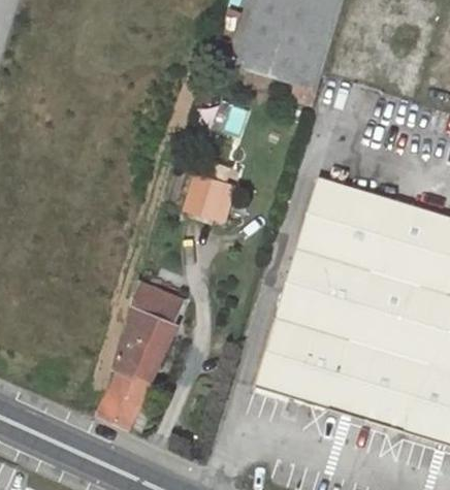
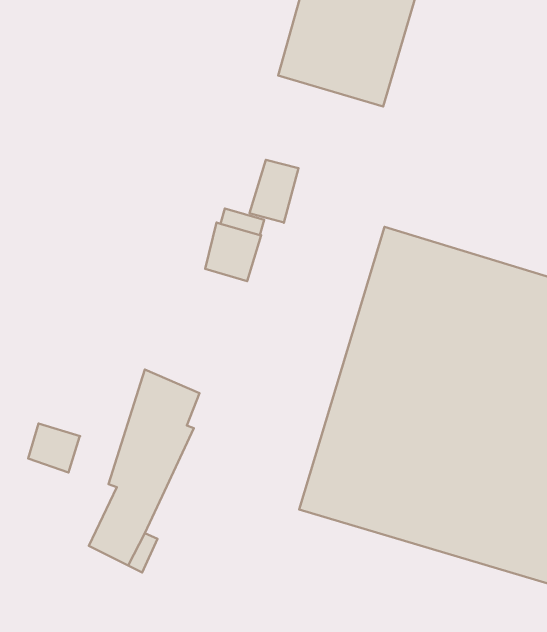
building: none -> [250,160,298,223]
building: none -> [28,424,80,473]

